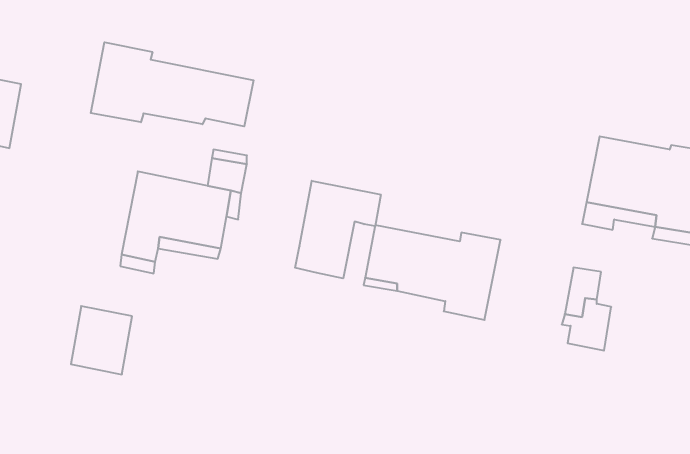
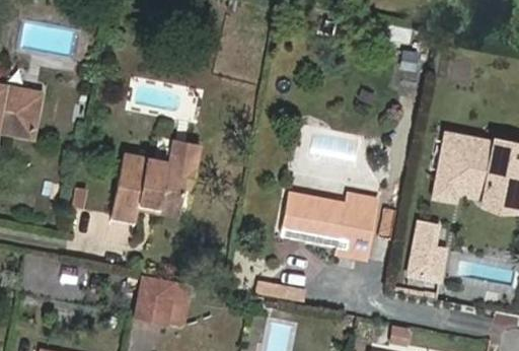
building: [91,42,254,126] -> none
building: [295,181,381,278] -> none
building: [71,306,132,374] -> [134,274,176,322]

